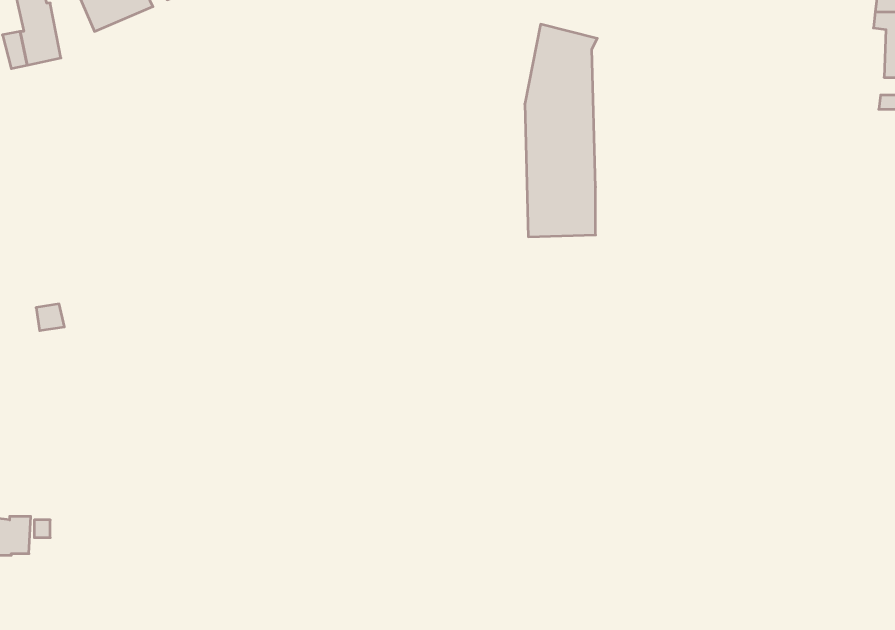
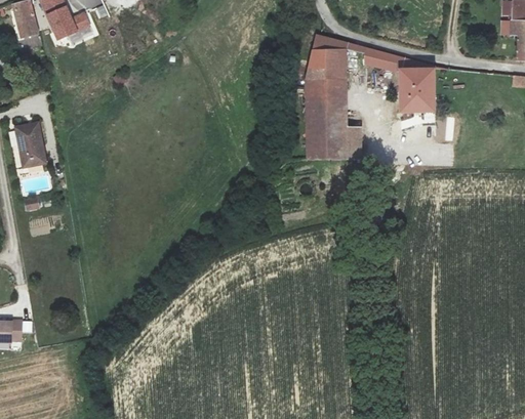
building: none -> [346,43,436,112]
building: none -> [14,124,45,166]
building: none -> [347,129,361,157]

